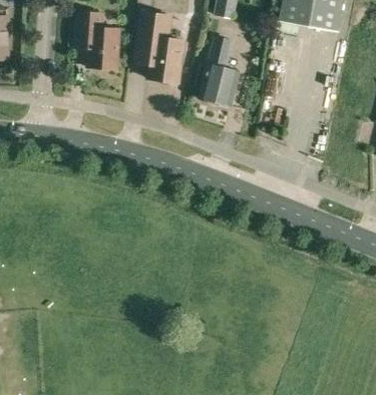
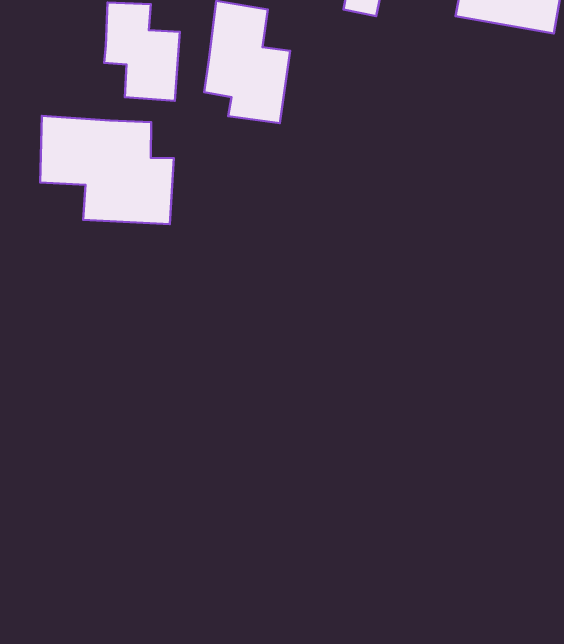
building: [199,35,240,105] -> none
building: none -> [40,116,174,224]

